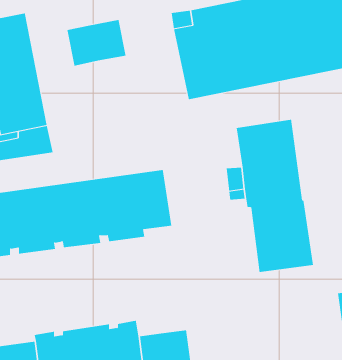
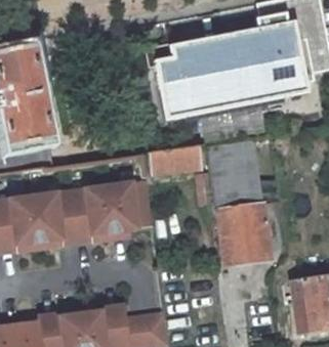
building: [67,19,126,67] -> none
building: none -> [151,143,203,172]

